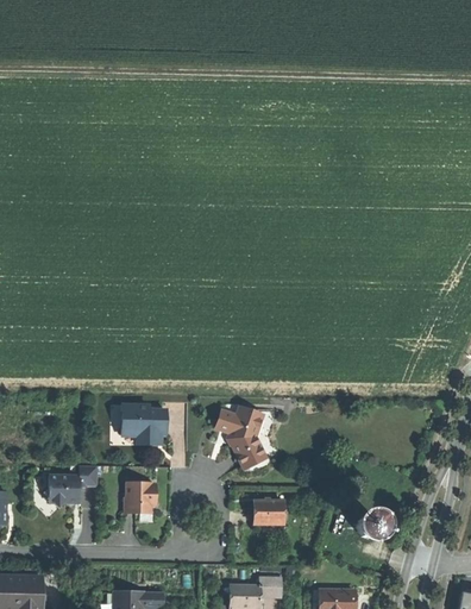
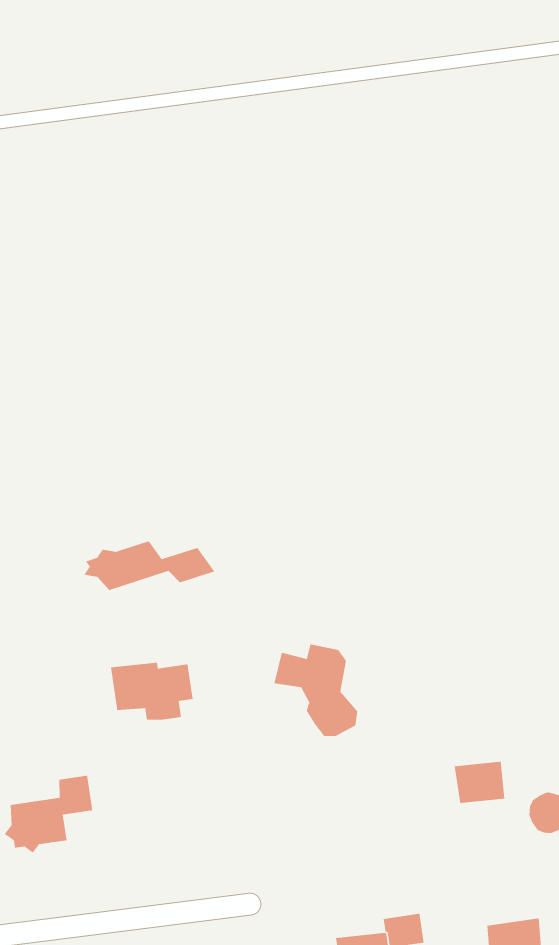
building: none -> [84,540,215,591]
building: [124,482,157,511] -> none
building: [257,500,285,523] -> [454,761,505,804]

